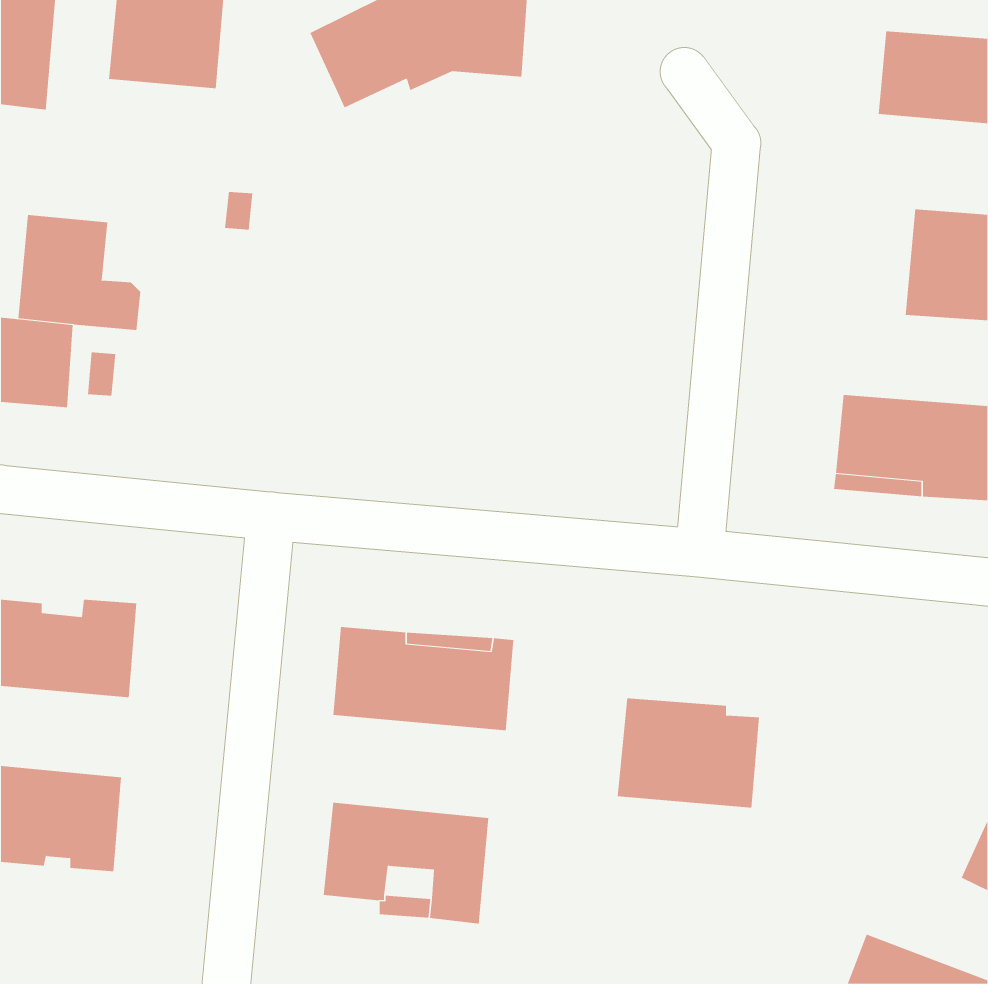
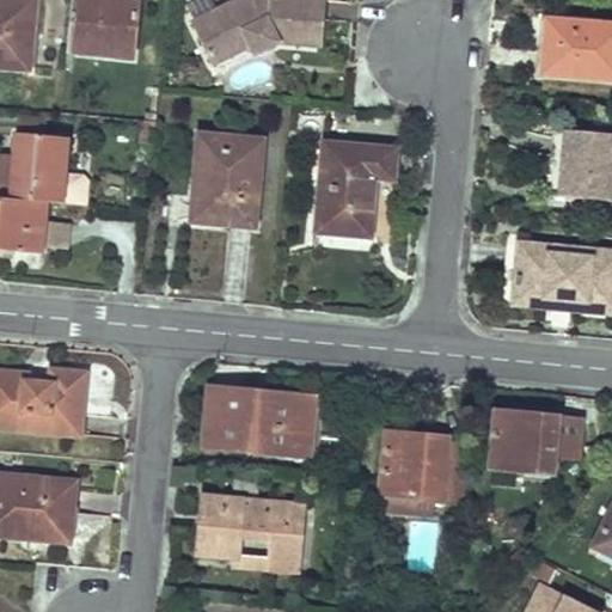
building: none -> [192,133,262,224]
building: none -> [316,142,394,234]
building: none -> [492,410,580,470]

